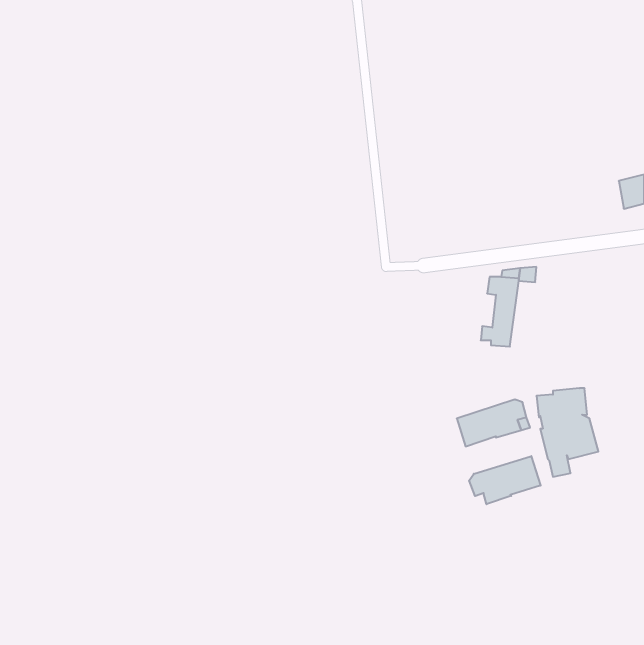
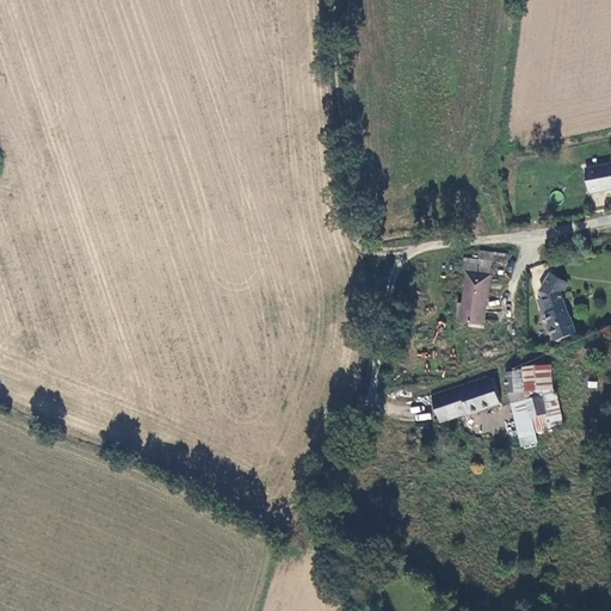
building: none -> [536,270,574,338]
building: [469,456,541,504] -> none

